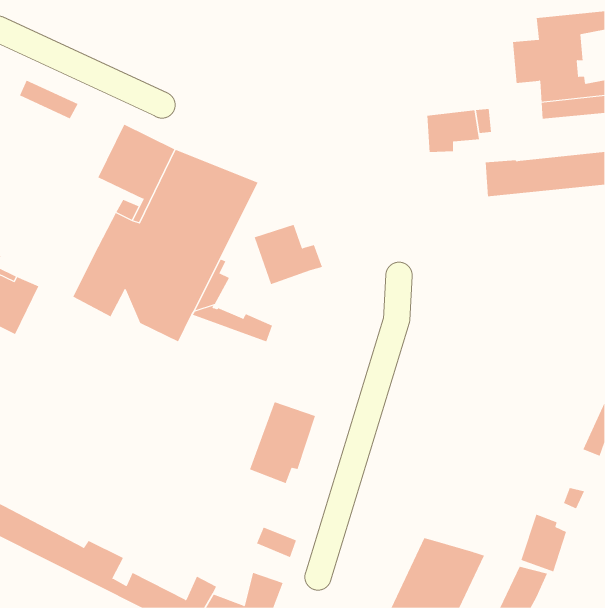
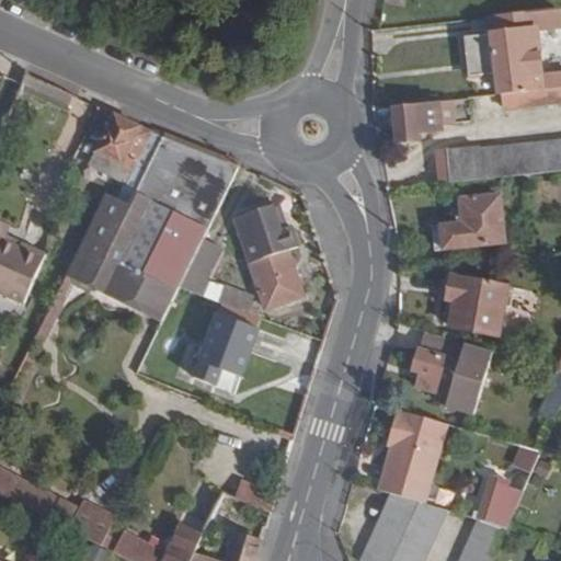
building: none -> [434,196,502,251]
building: none -> [249,249,301,307]
building: none -> [446,278,504,335]
building: none -> [413,332,491,413]
building: [249,402,316,484] -> [195,316,256,391]
building: none -> [378,411,447,504]

